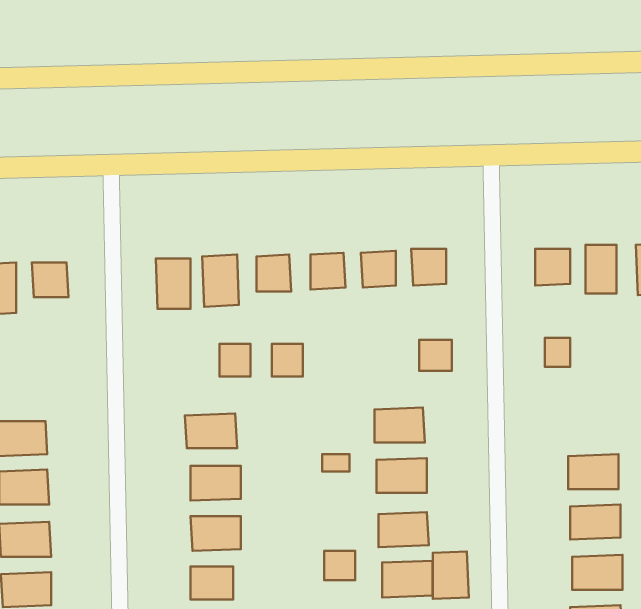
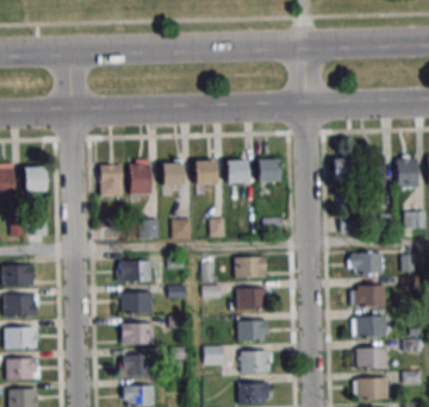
building: none -> [350,253,381,275]
building: [433,552,469,599] -> none

